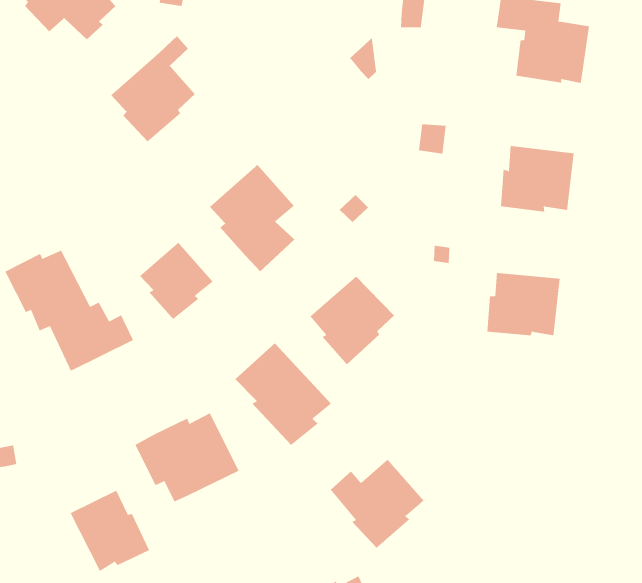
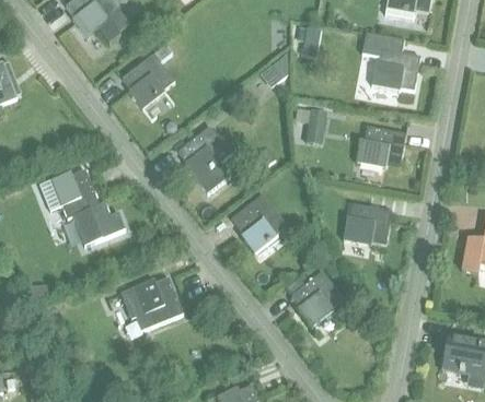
building: [139,242,213,320] -> none
building: [235,342,332,446] -> none
building: [330,459,425,548] -> [284,270,342,324]
building: [70,490,150,572] -> none

